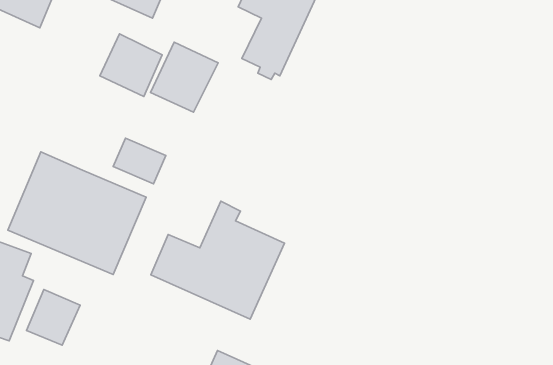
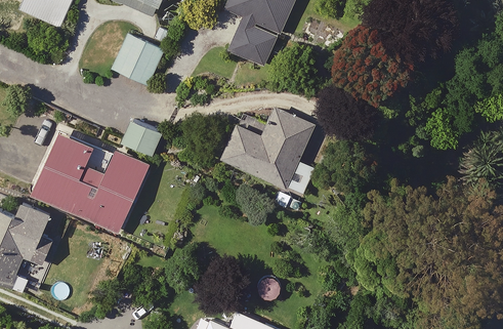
building: [150,42,218,112] -> none
building: [151,201,284,319] -> [219,97,331,196]
building: [26,290,80,345] -> none

